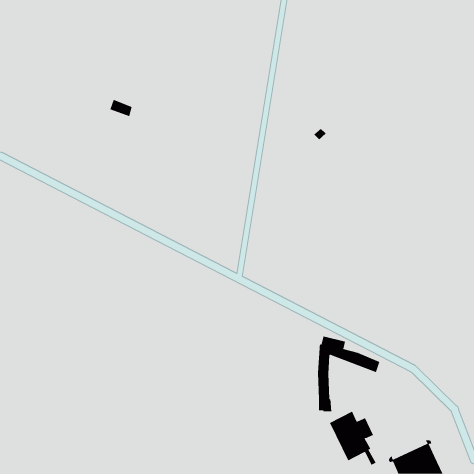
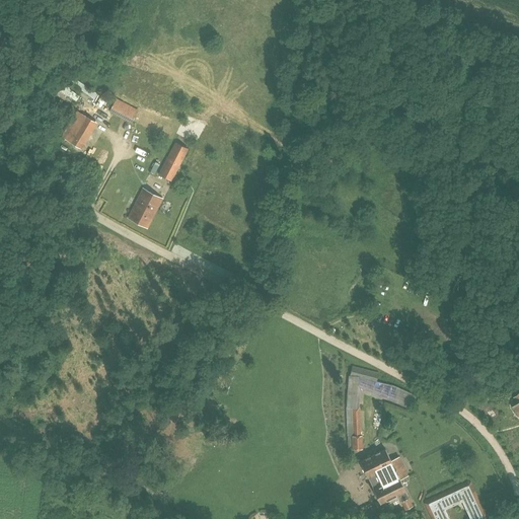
building: none -> [67,114,97,145]
building: none -> [159,143,189,180]
building: none -> [129,190,162,227]

